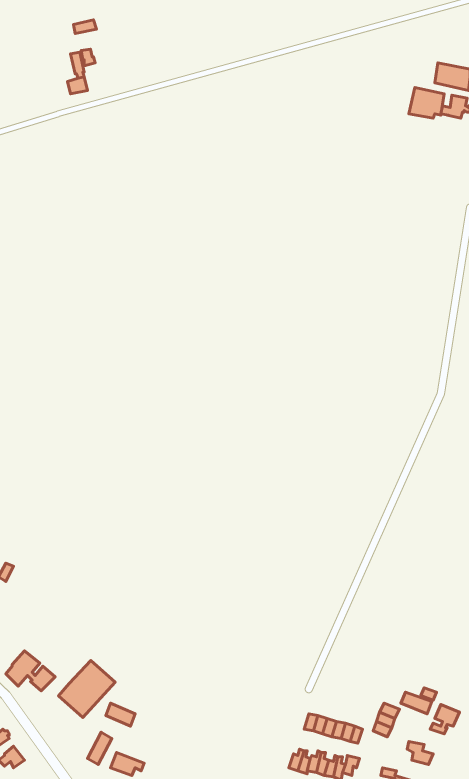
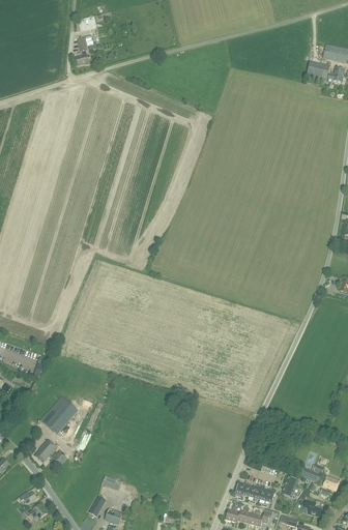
building: [58,661,115,718] -> [40,395,79,434]

